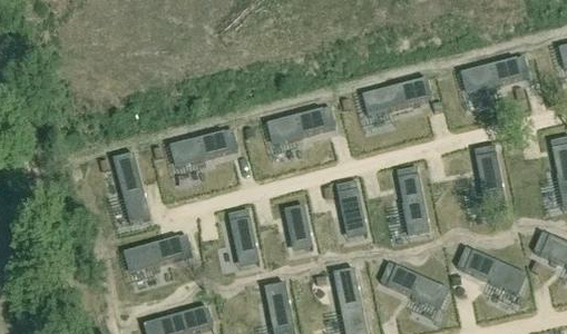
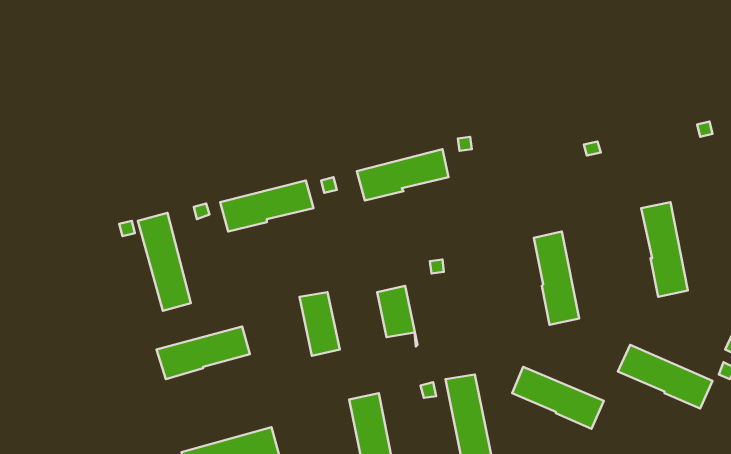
building: [463,57,529,95] -> none
building: [362,79,432,117] -> none
building: [335,181,364,227] -> none

